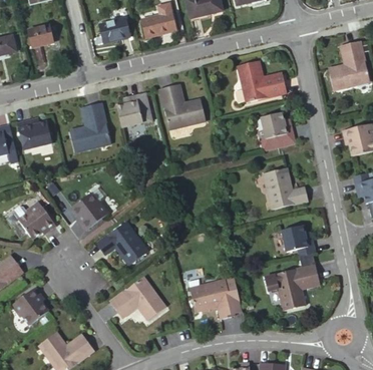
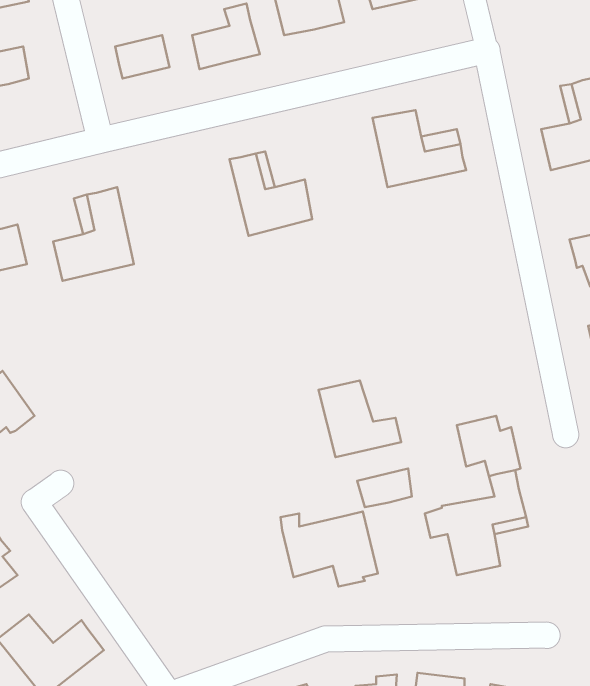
building: [113,92,148,128] -> none
building: [260,111,294,148] -> none
building: [264,167,308,209] -> [319,380,401,457]
building: [71,189,107,230] -> none
building: [94,222,147,267] -> none
building: none -> [357,469,412,507]
building: [108,274,164,318] -> none

